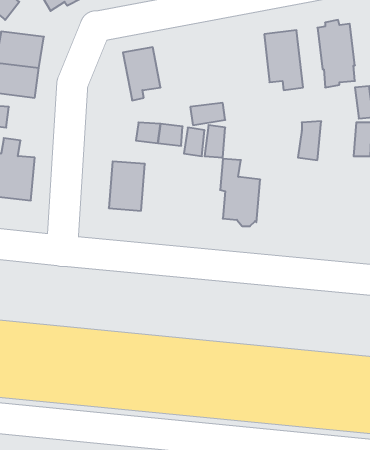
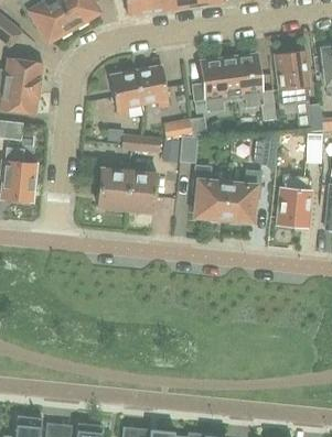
building: none -> [192,59,234,111]
building: none -> [135,65,168,108]
building: none -> [125,170,156,211]
building: none -> [223,171,259,225]
building: none -> [277,175,311,227]

